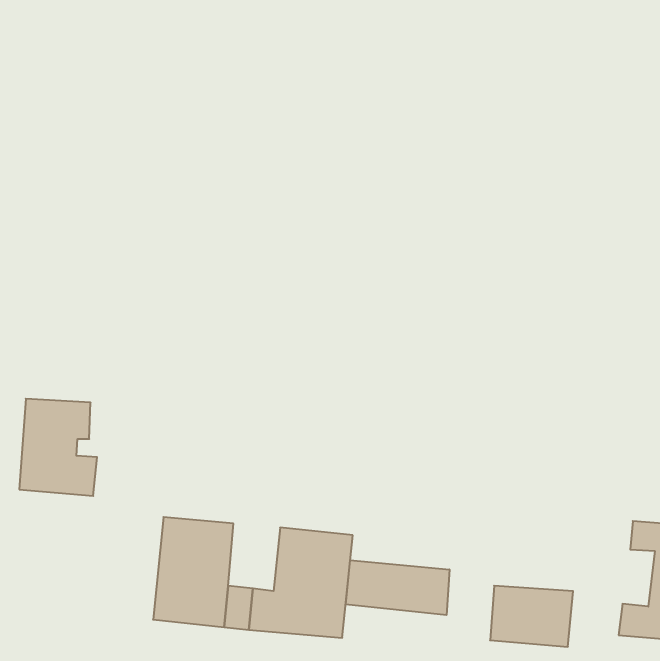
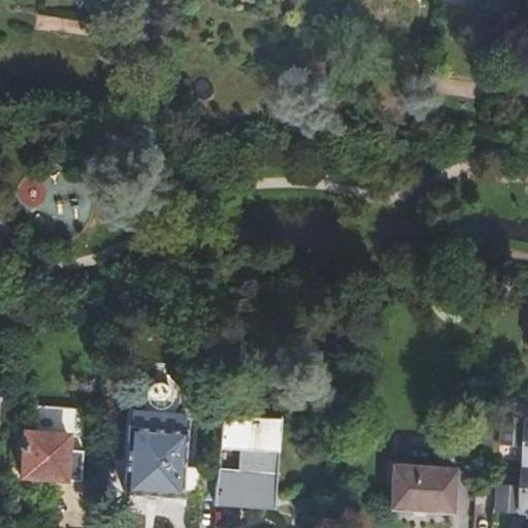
building: [19,399,97,496] -> [25,404,87,482]
building: [346,560,449,615] -> none

